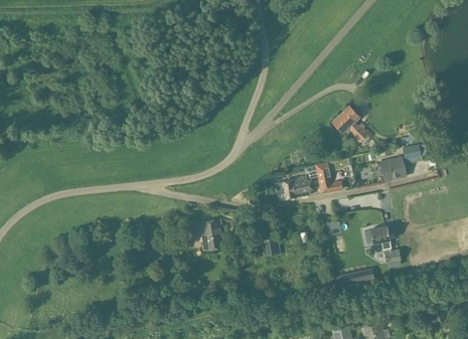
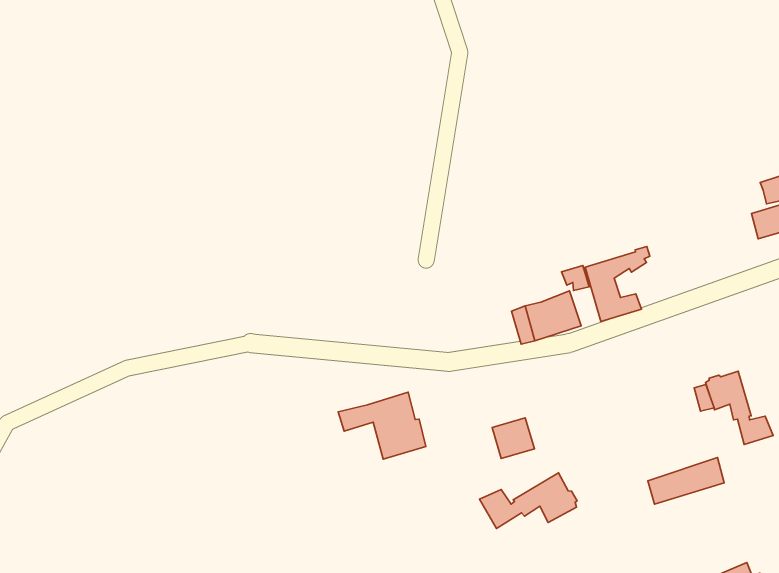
building: [331,106,369,145] -> none
building: [378,158,407,182] -> none
building: none -> [480,473,577,528]

